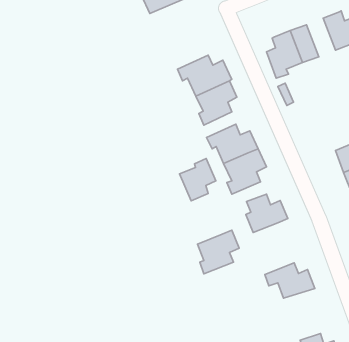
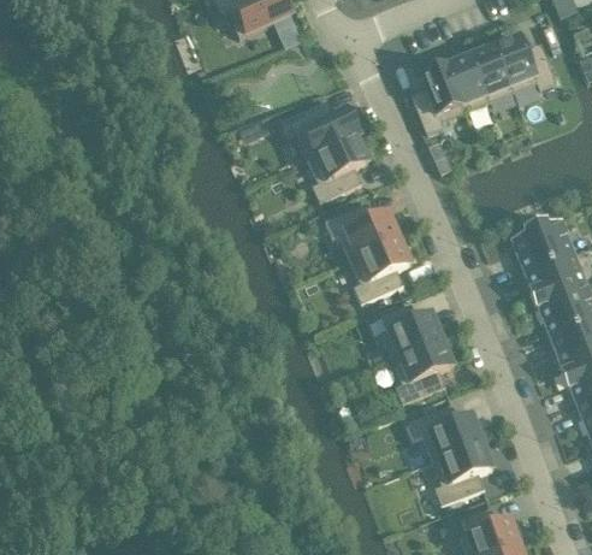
building: none -> [470,43,513,100]
building: [180,158,216,201] -> none
building: [197,230,239,274] -> [392,337,454,401]
building: none -> [433,439,493,503]

